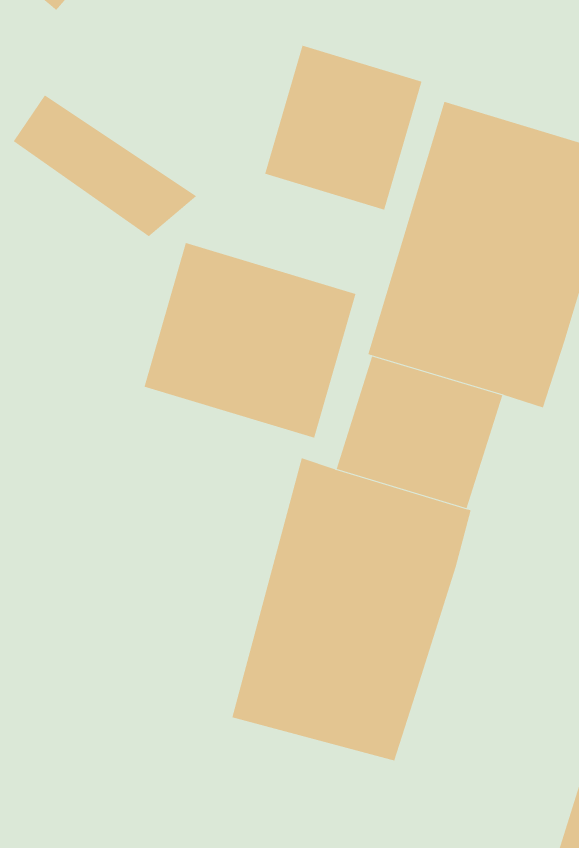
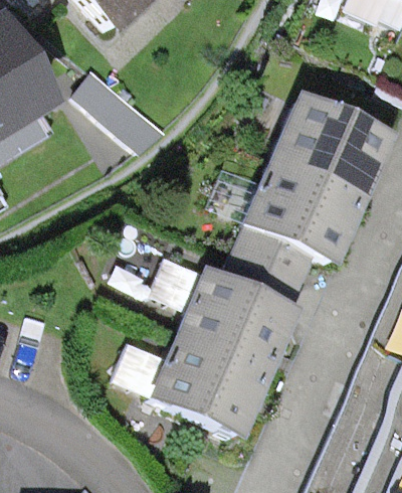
building: [265,45,422,210] -> none
building: [144,242,356,439] -> none

